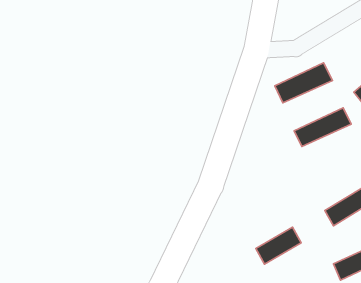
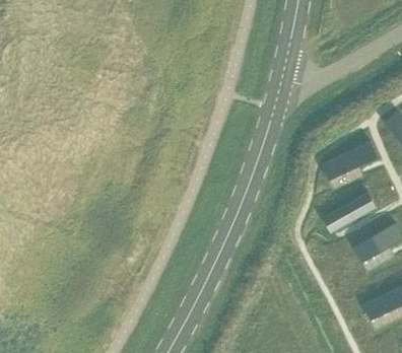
building: [275,63,332,103] -> none
building: [256,227,301,264] -> [330,192,378,230]

